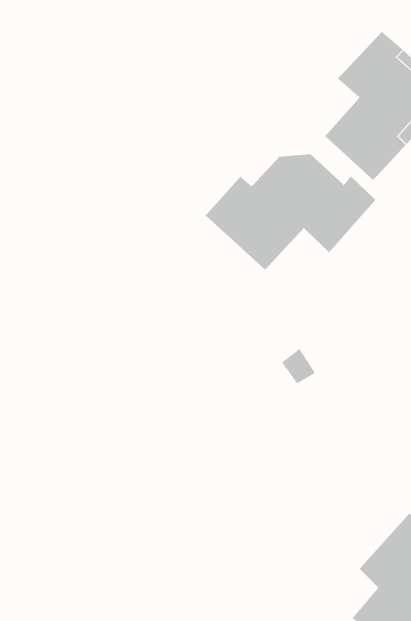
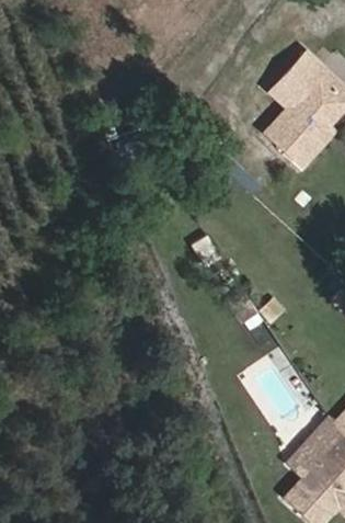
building: [205,153,376,270] -> none

